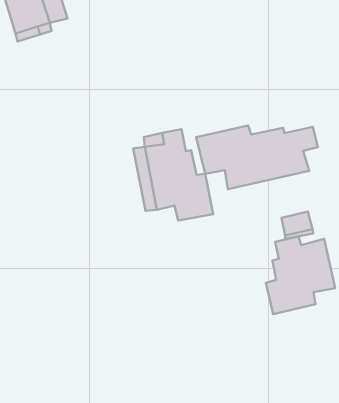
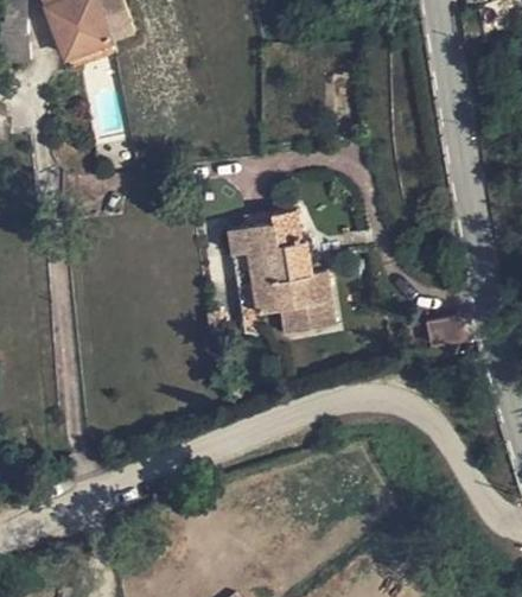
building: [196,126,318,189] -> none
building: [266,236,335,314] -> none

